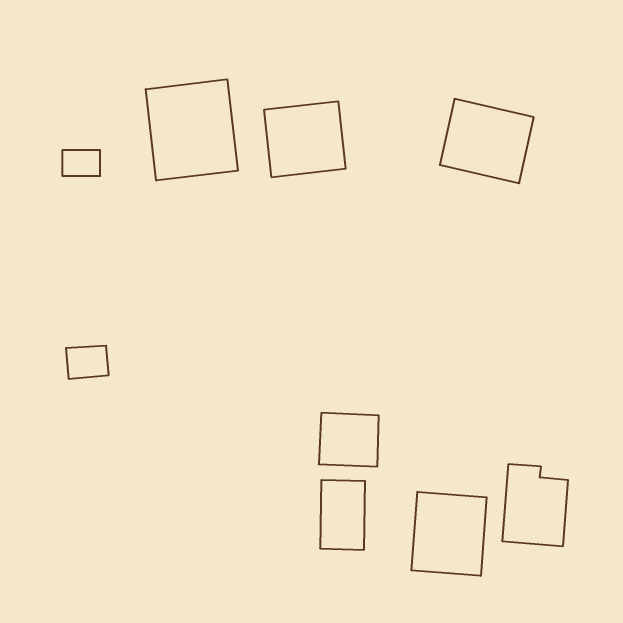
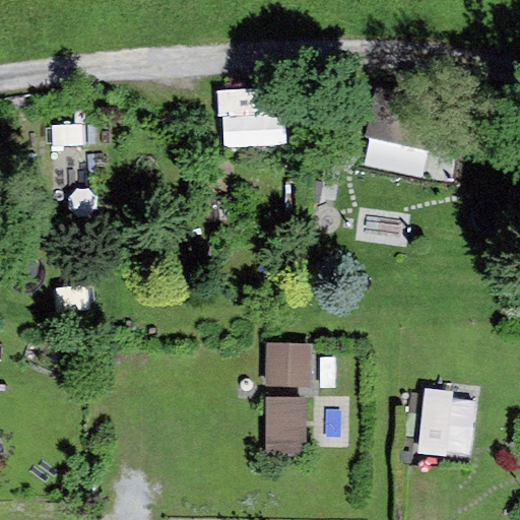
building: [146,79,238,181] -> none
building: [411,492,487,576] -> none

